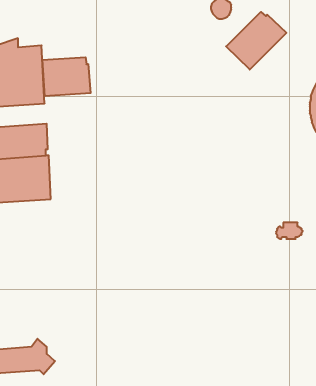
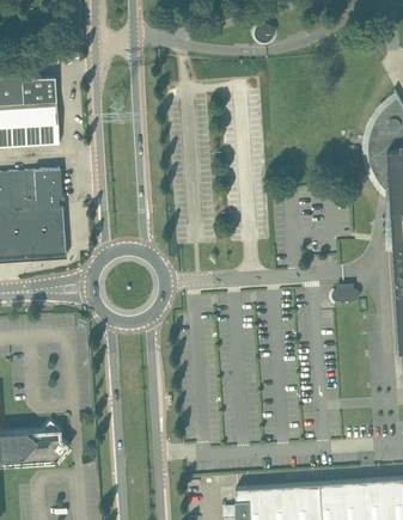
building: [226,12,286,70] -> none
building: [42,57,91,96] -> none

